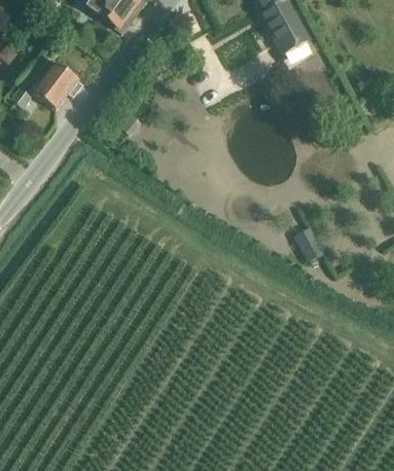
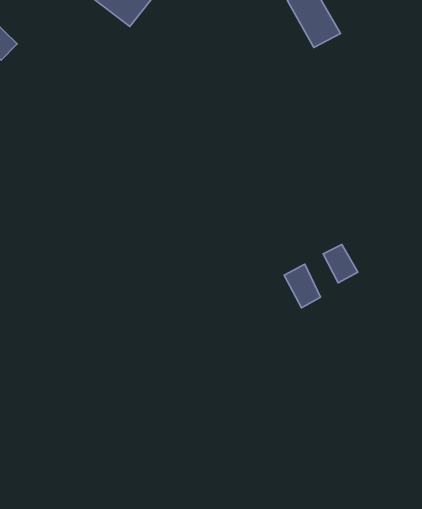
building: [30,57,82,109] -> none
building: none -> [284,264,321,308]

